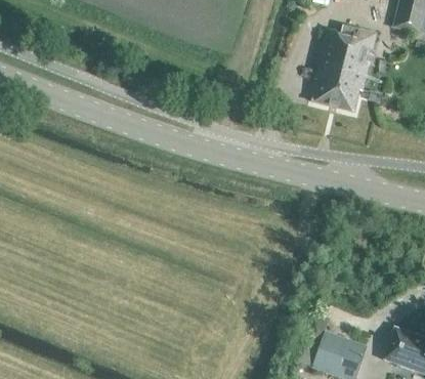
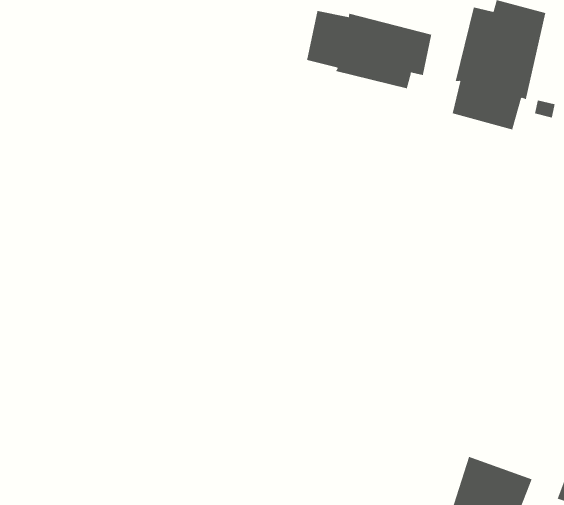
building: none -> [306,10,432,89]

